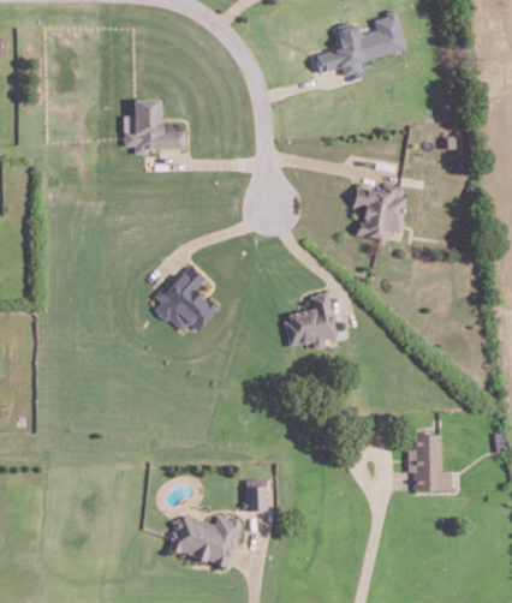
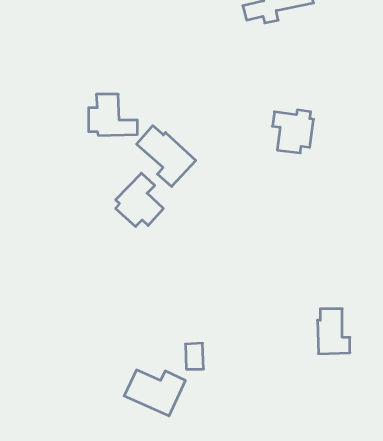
building: [123,98,184,150] -> [89,94,137,135]
building: none -> [137,126,196,187]
building: [281,292,335,348] -> none

